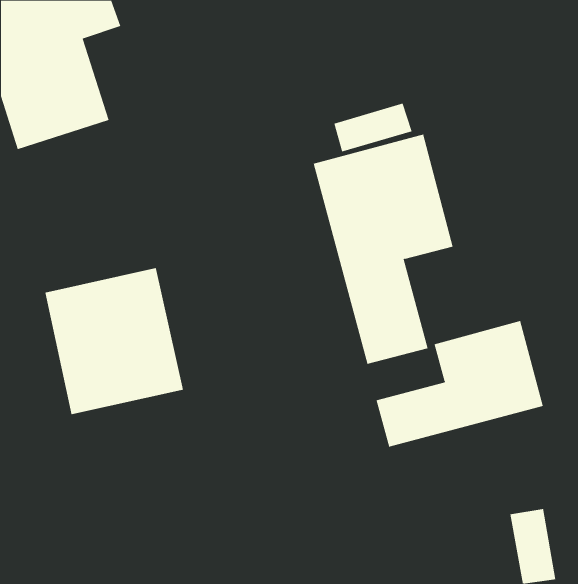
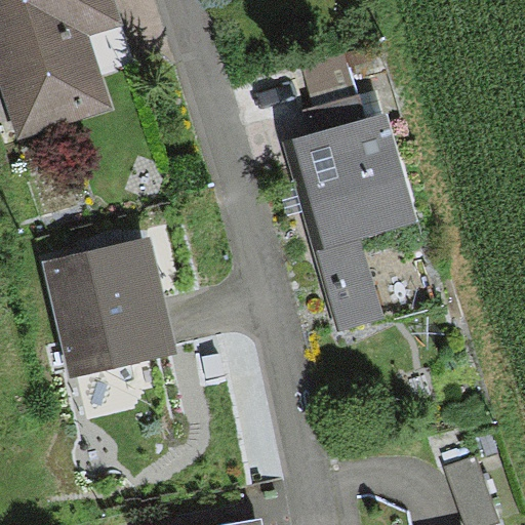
building: [376,320,543,448] -> none

